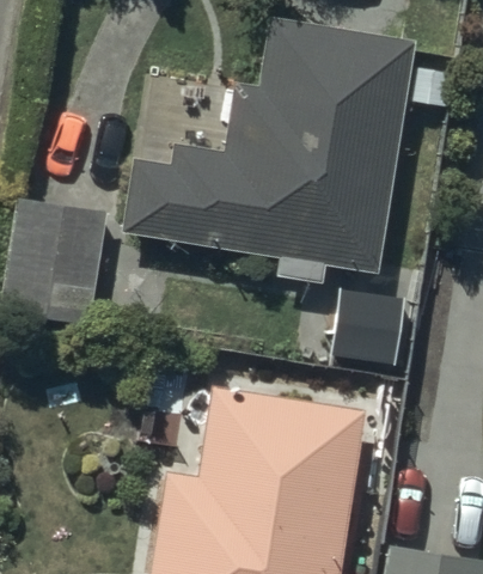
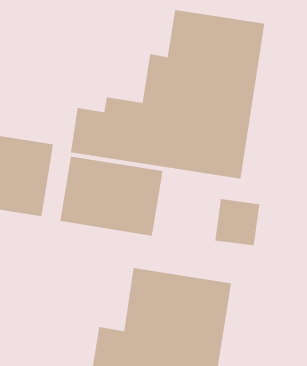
building: none -> [60,156,163,237]

